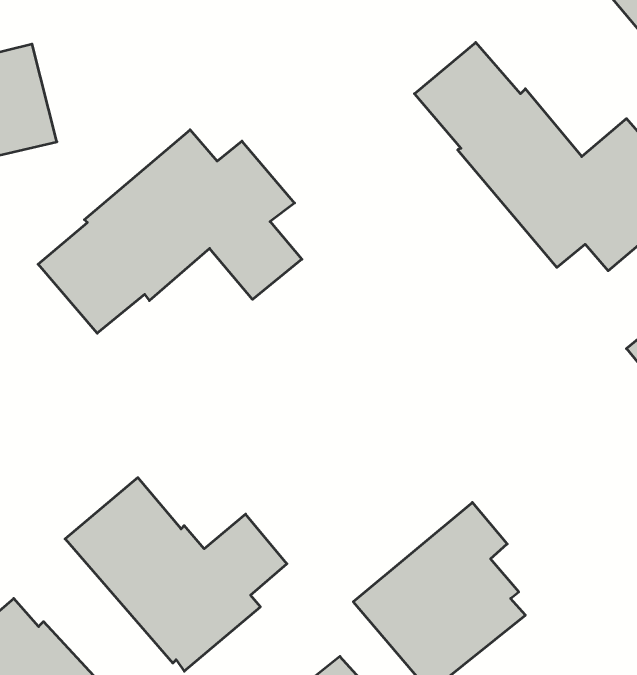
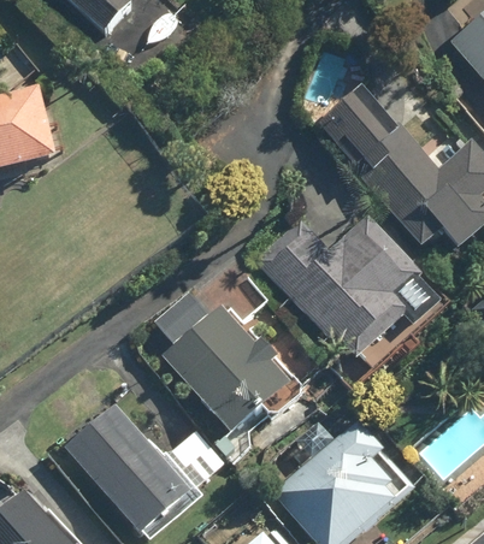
building: [38,130,302,333] -> none
building: none -> [255,212,442,365]
building: none -> [154,289,290,433]

